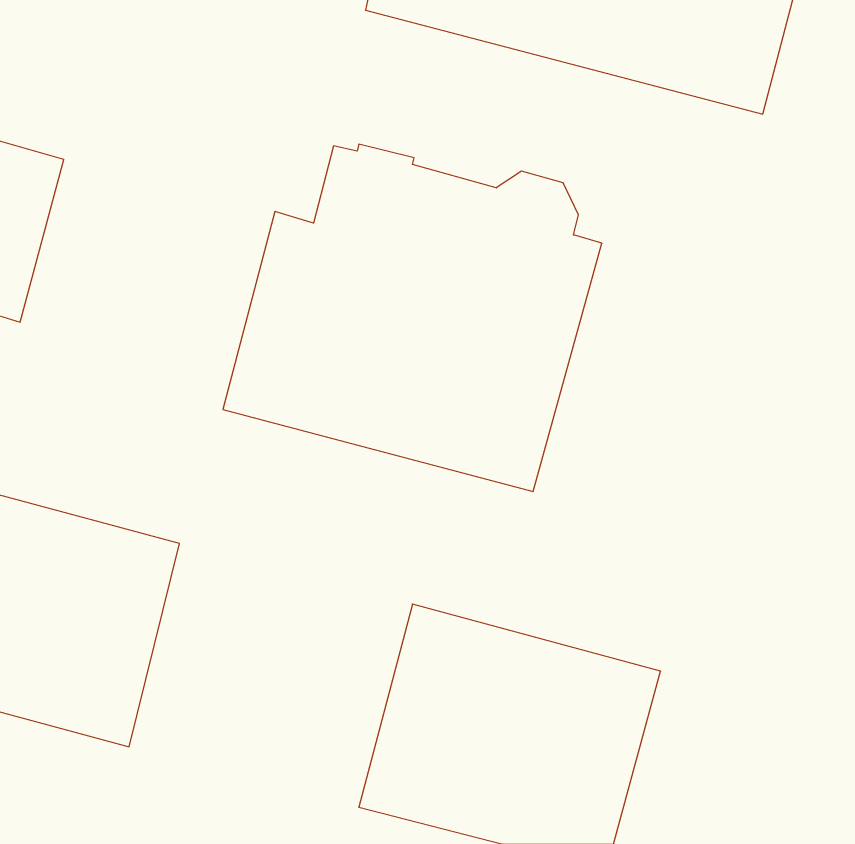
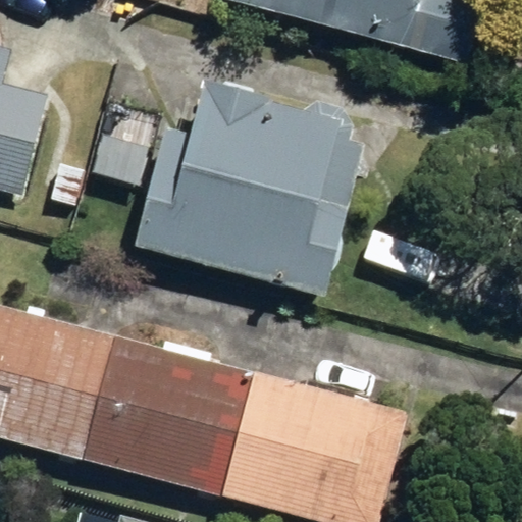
building: none -> [79,330,251,490]

